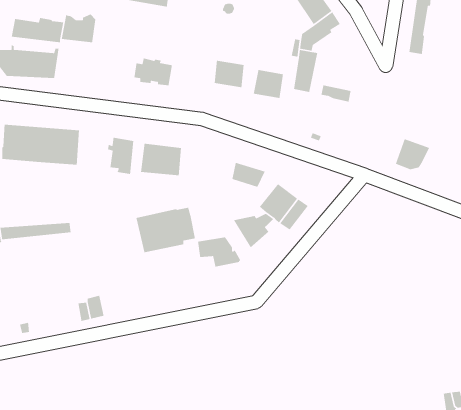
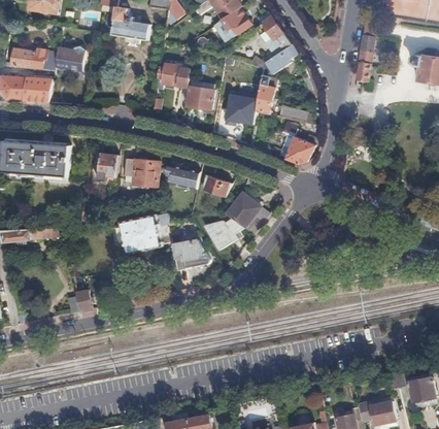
building: [134,58,173,86] -> [156,62,190,87]
building: [395,138,430,170] -> [284,135,315,163]
building: none -> [169,165,199,188]

